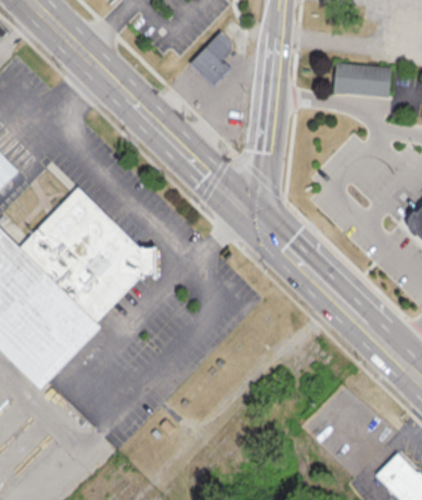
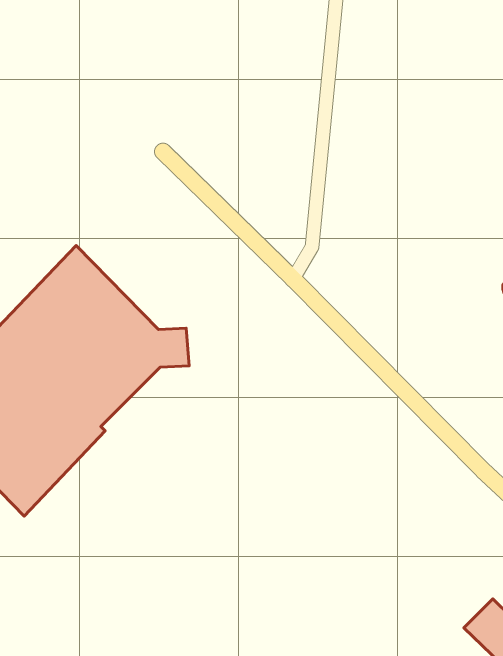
building: [194,30,235,86] -> none
building: [335,62,395,96] -> none

